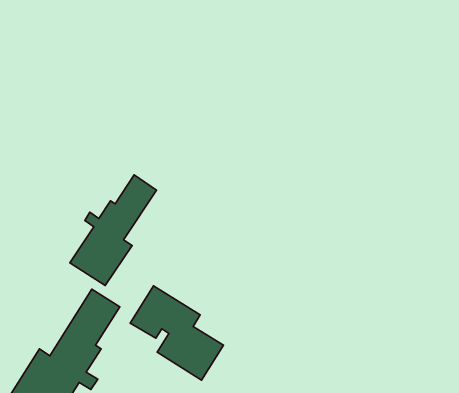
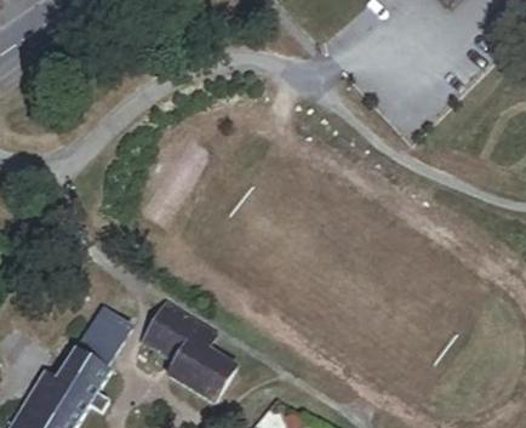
building: [70,175,157,286] -> none

